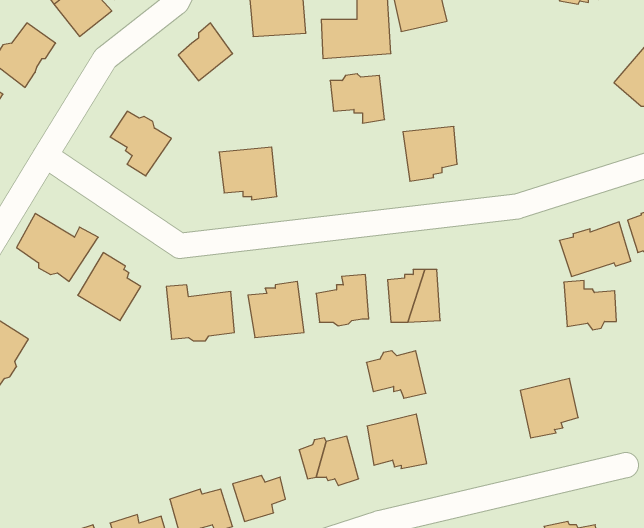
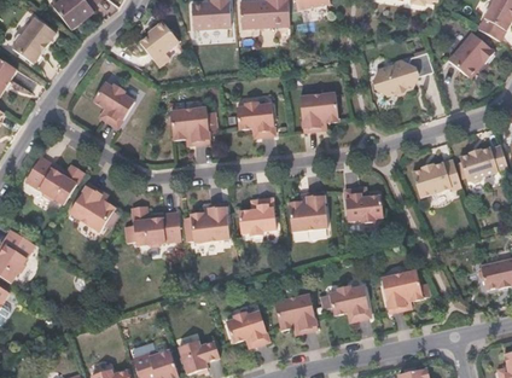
building: none -> [373,53,434,97]
building: [330,74,385,123] -> [237,101,275,136]
building: [564,281,616,330] -> [345,190,383,225]
building: [366,351,426,398] -> [330,287,372,321]

